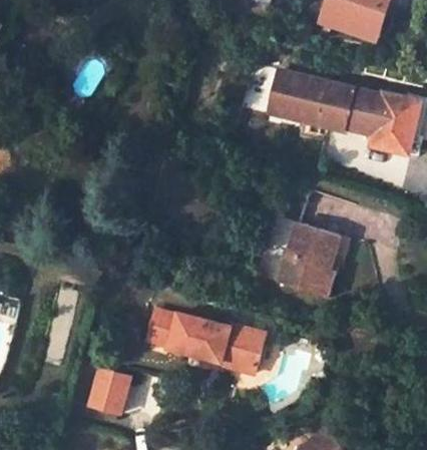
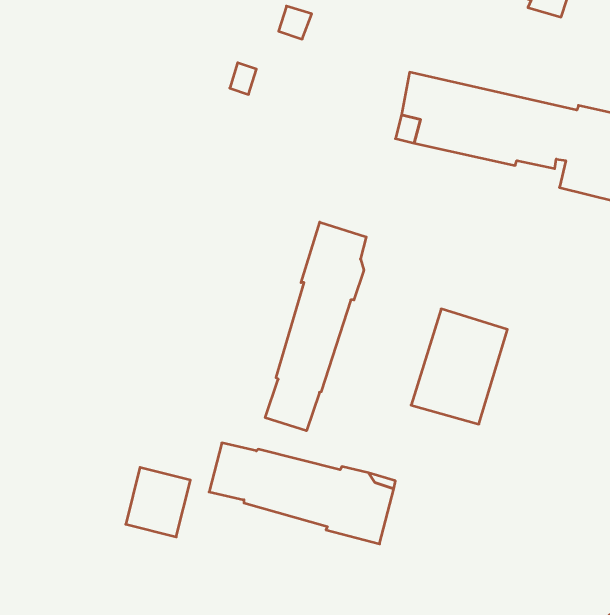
building: none -> [265,222,366,431]
building: [90,368,131,412] -> [126,467,190,537]

